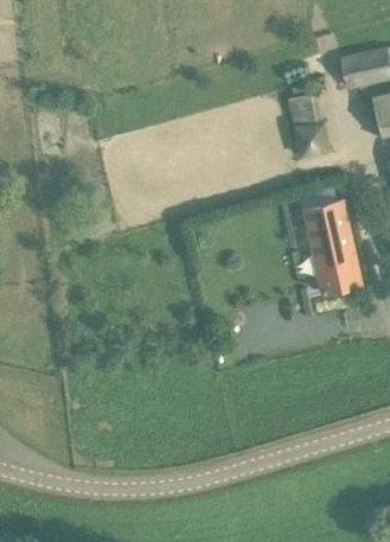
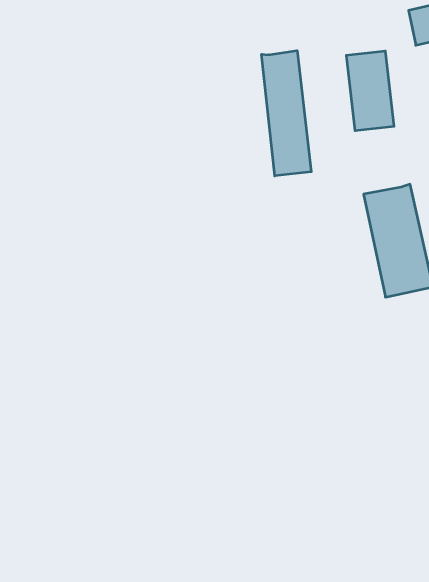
building: none -> [262,51,311,176]

